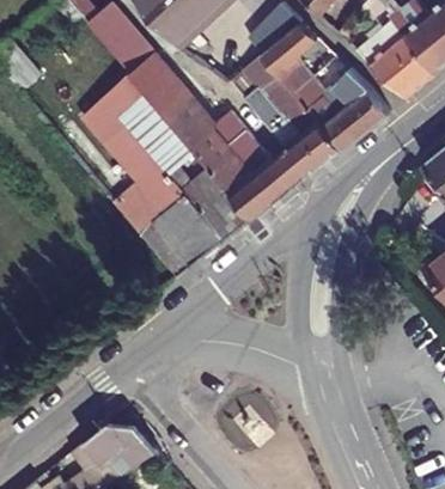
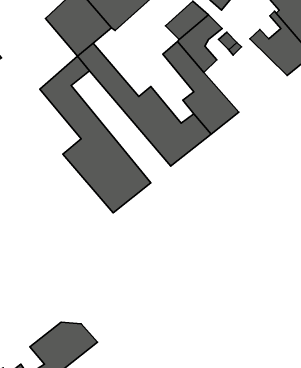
building: [295,68,390,151] -> none
building: [122,94,252,240] -> none

